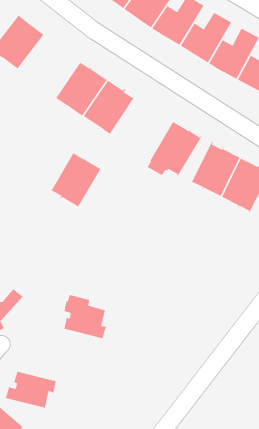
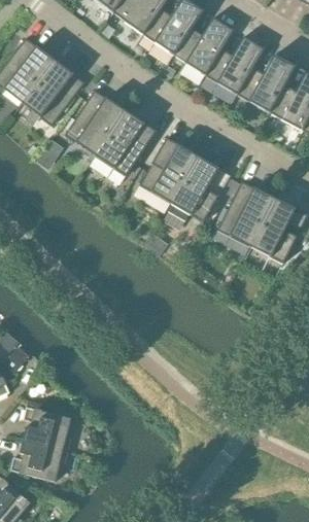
building: none -> [22,60,84,126]
building: [49,150,103,209] -> [139,137,199,203]
building: [64,294,107,339] -> [23,399,71,450]

